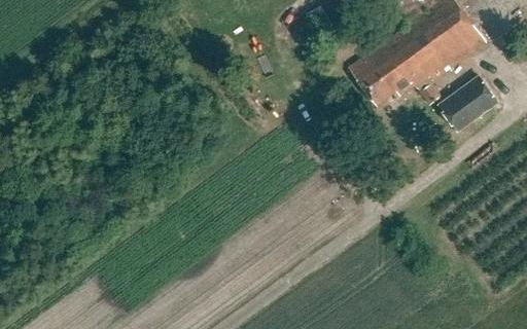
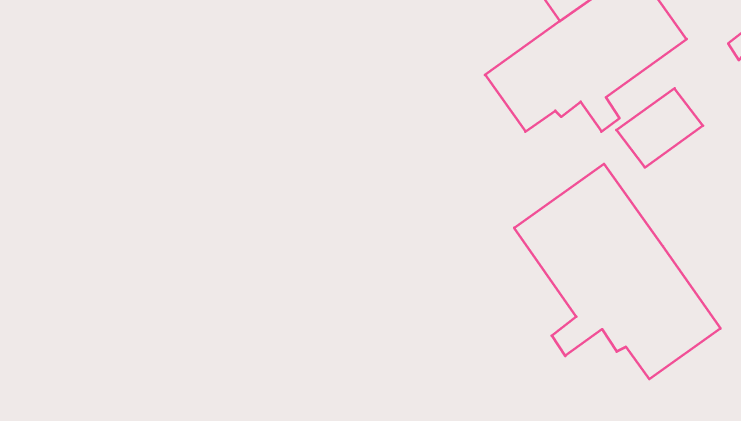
building: none -> [514,164,720,379]

